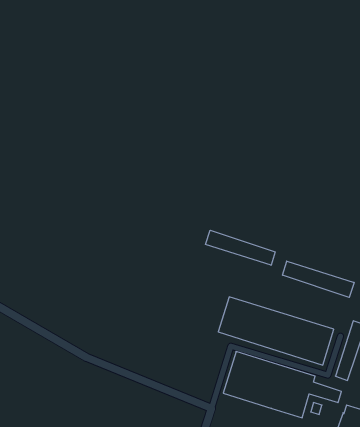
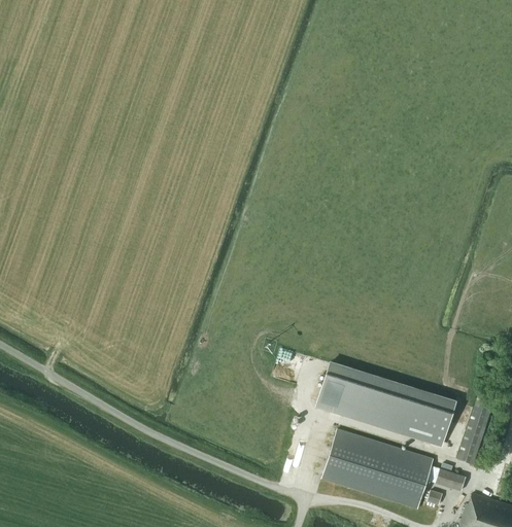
building: [206,230,275,265] -> none
building: [283,261,354,297] -> none

